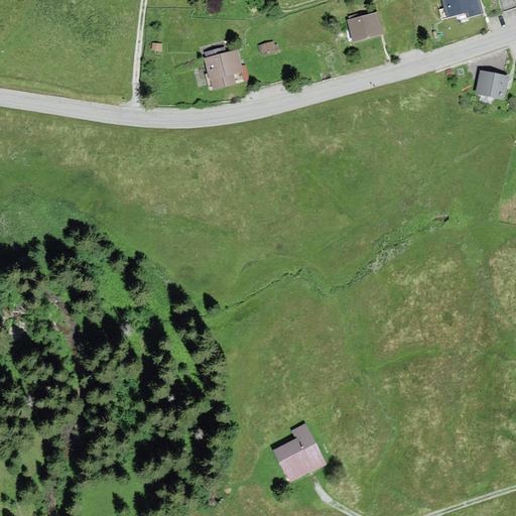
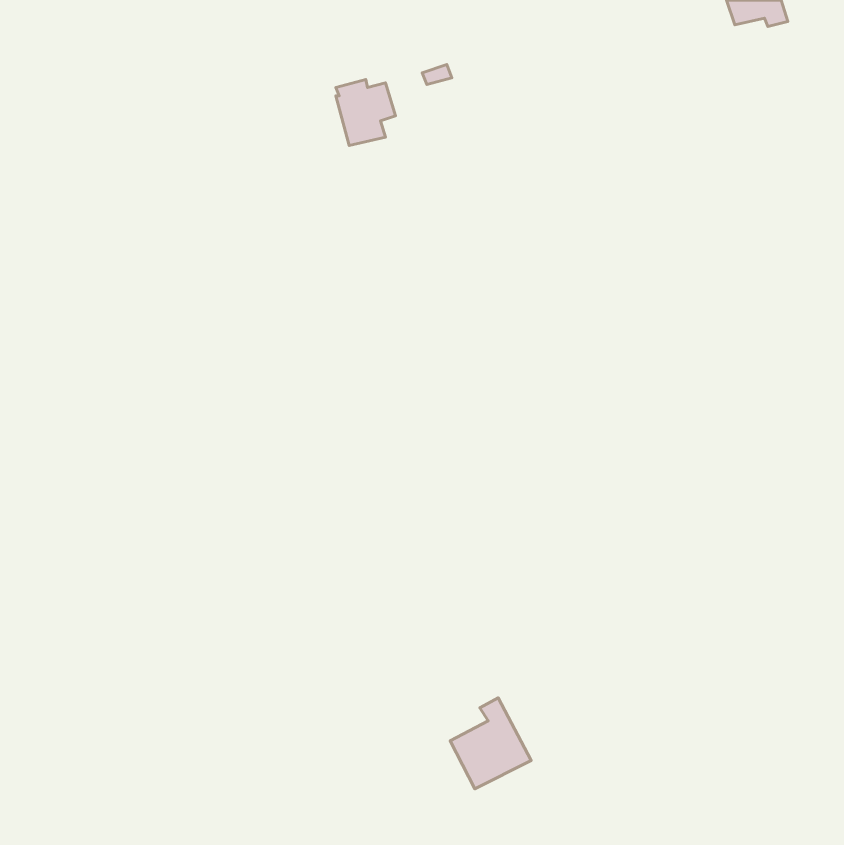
building: [348,13,381,40] -> none
building: [476,72,506,98] -> none

